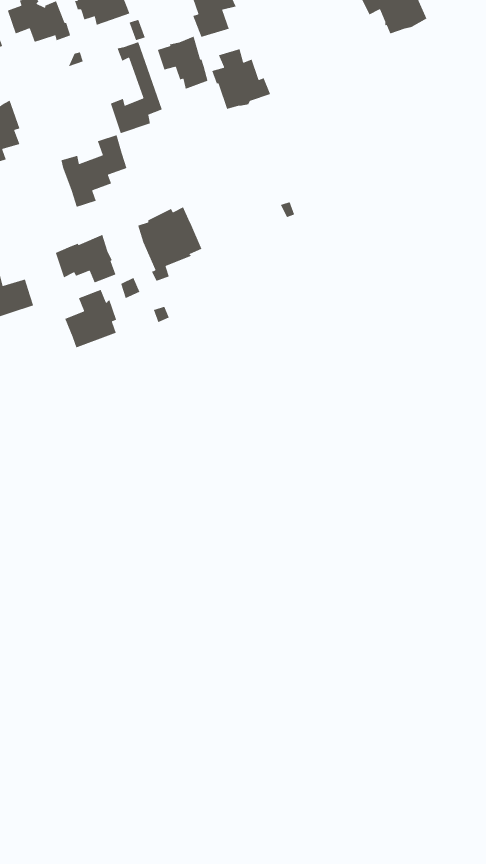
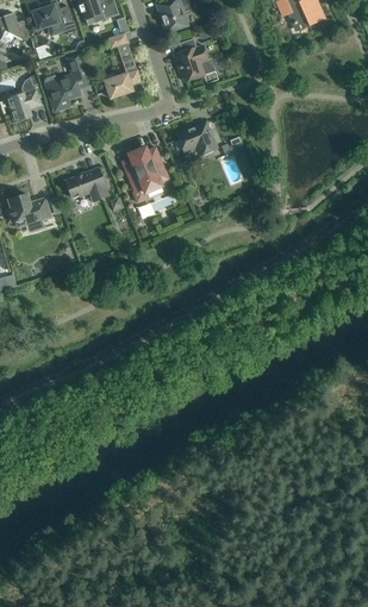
building: [157,36,208,90] -> none
building: [61,134,128,208] -> [44,60,91,111]
building: none -> [176,121,217,162]
building: [64,289,117,349] -> none

